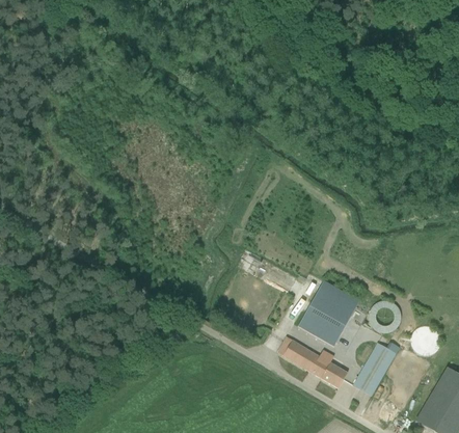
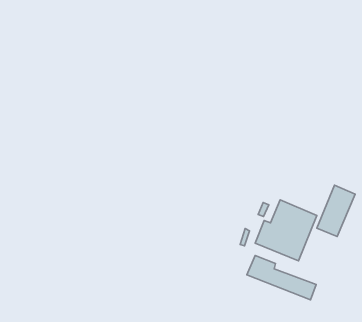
building: [351,342,396,395] -> [317,185,355,236]

